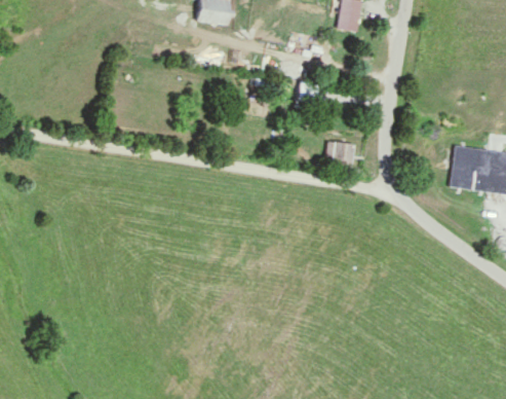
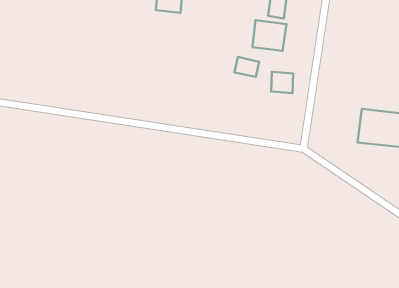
building: none -> [252,20,287,51]
building: [325,141,353,168] -> [271,72,293,93]

